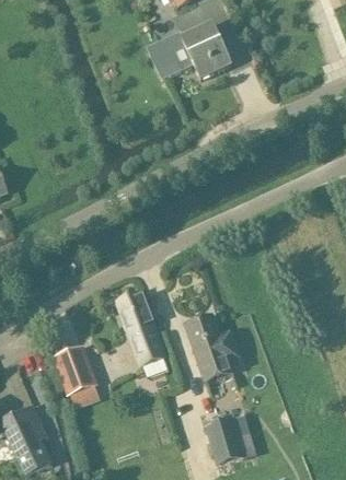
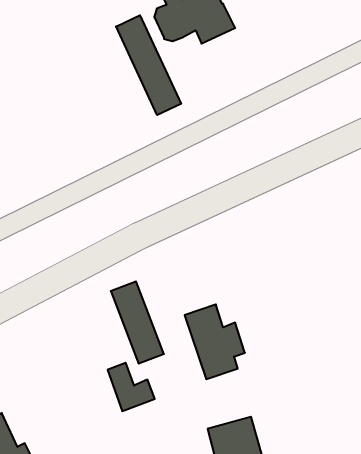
building: none -> [116,15,181,115]
building: [53,349,95,393] -> [108,363,155,411]

